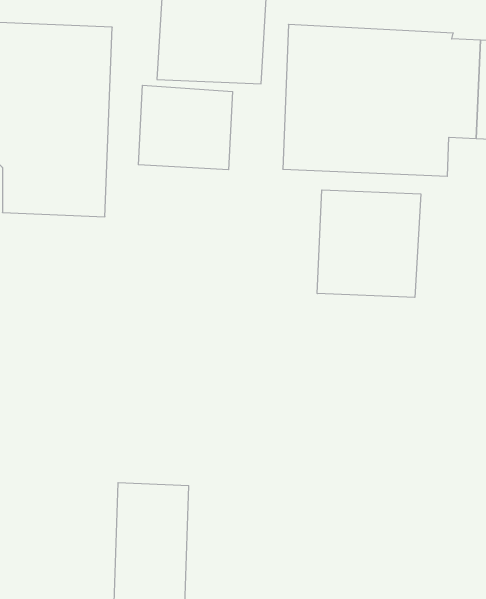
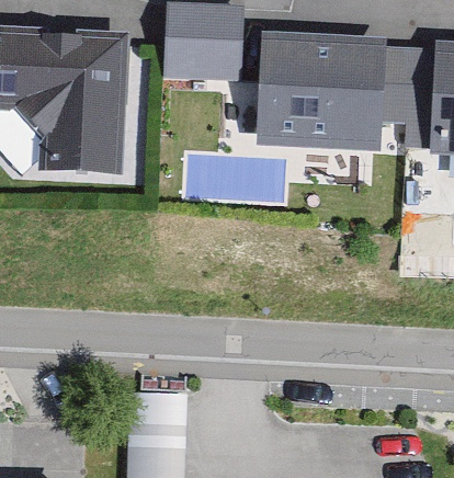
building: [138,85,233,170] -> none
building: [317,190,421,297] -> none

